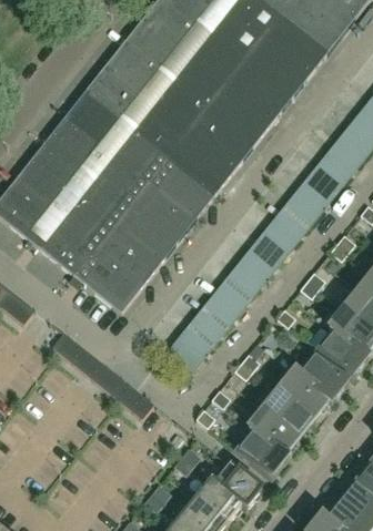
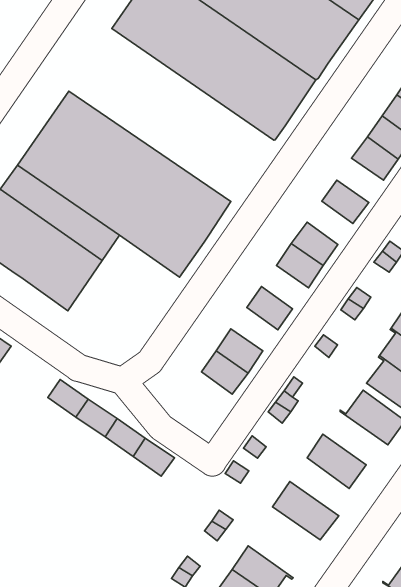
building: [85,43,253,193] -> none
building: [303,163,342,201] -> none
building: [276,197,314,234] -> none
building: [73,215,168,312] -> none
building: [235,248,274,285] -> none
building: [208,282,246,318] -> none
building: [167,333,205,370] -> none
building: [279,372,332,418] -> none
building: [249,409,298,459] -> none
building: [211,464,262,508] -> none

